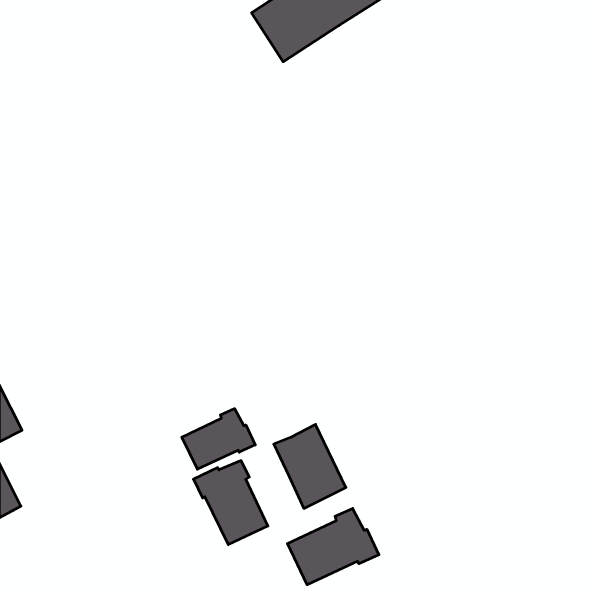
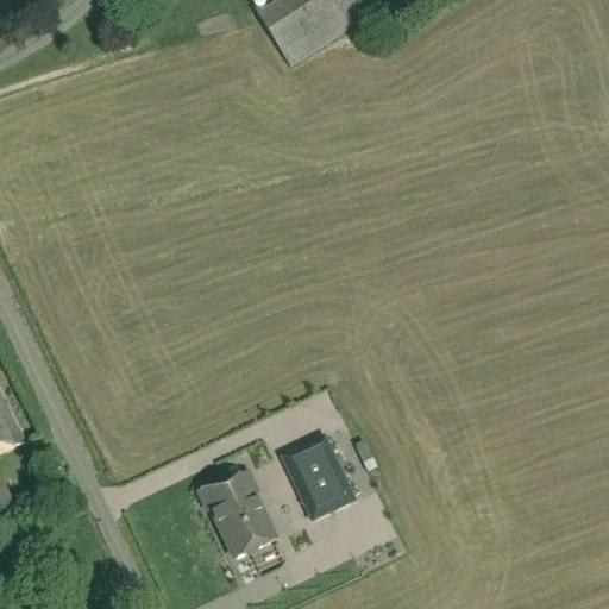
building: [182,409,255,469] -> none
building: [287,508,379,585] -> none

